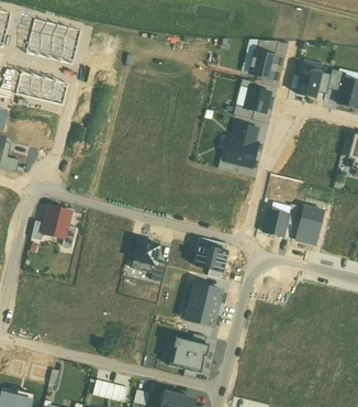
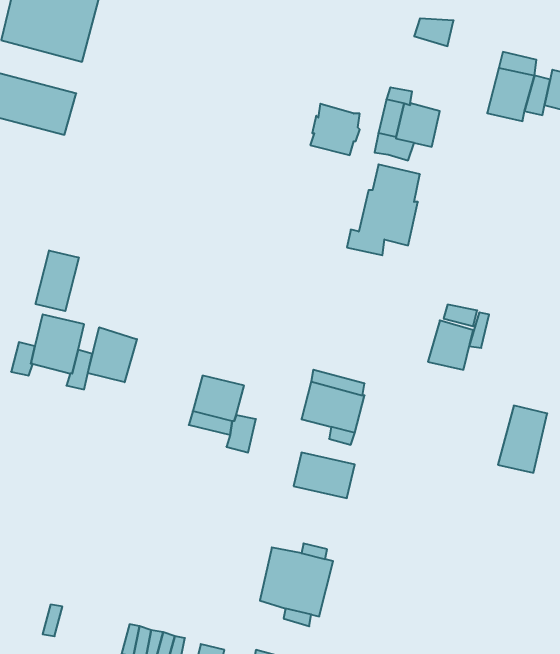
building: [249,50,277,78] -> [310,104,360,155]
building: none -> [36,250,79,311]
building: [295,206,323,243] -> [498,406,547,473]
building: none -> [88,327,137,382]
building: [183,300,217,327] -> none

